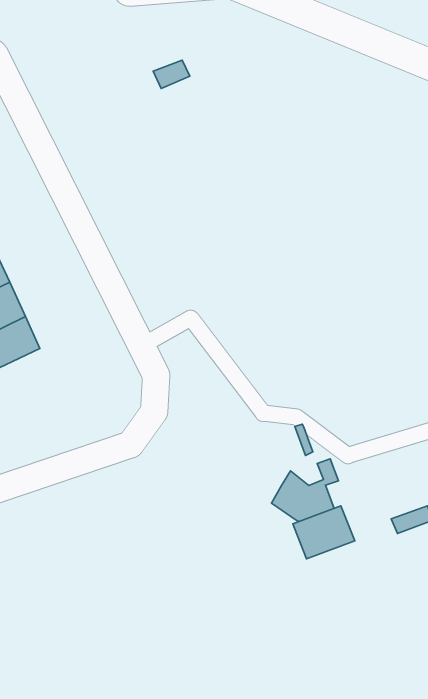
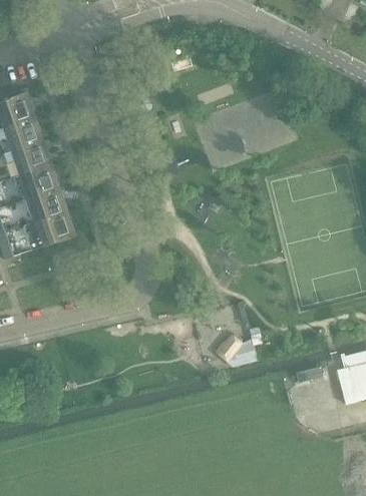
building: [293,506,355,559] -> none

